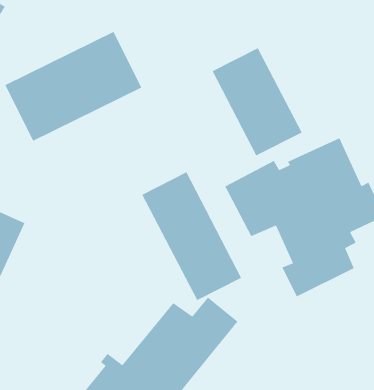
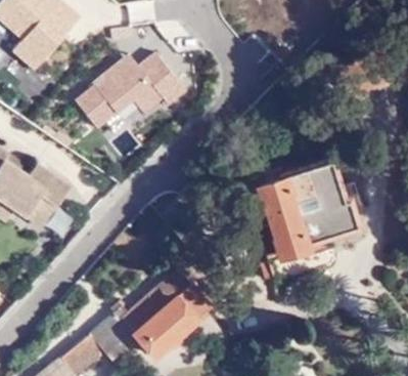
building: [211,47,303,157] -> none
building: [141,171,242,301] -> none

